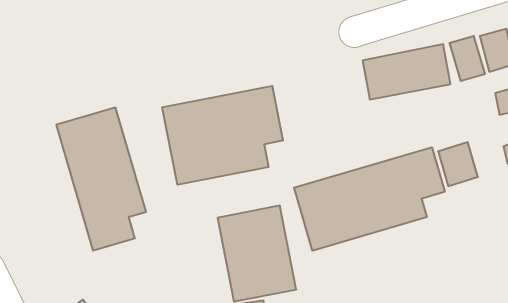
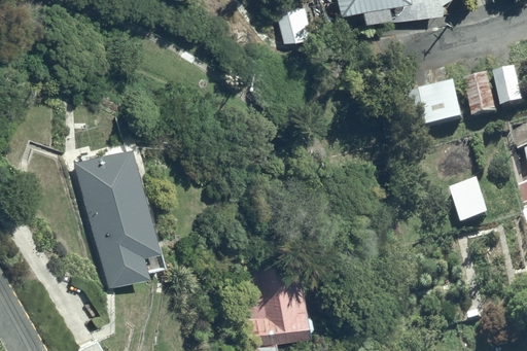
building: [162,86,283,185] -> none
building: [294,147,445,251] -> none

